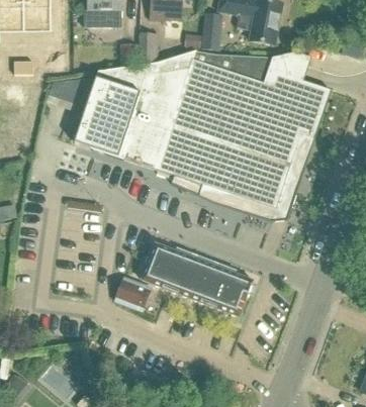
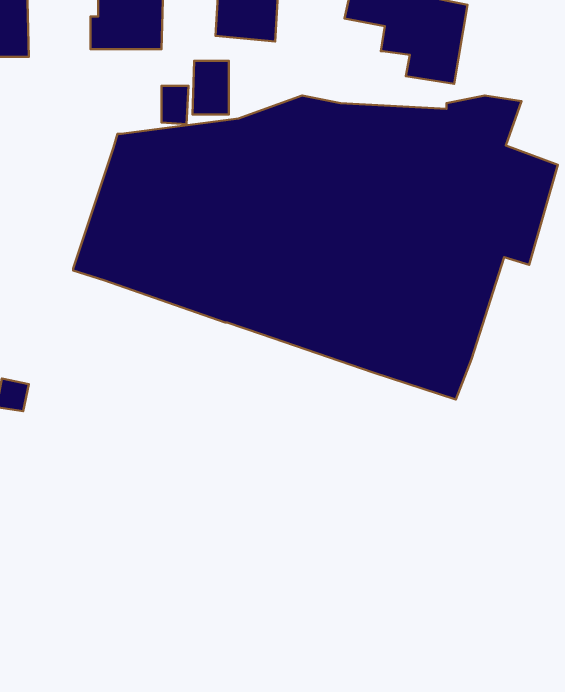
building: [199,14,221,50] -> none
building: [142,243,254,317] -> none
building: [119,280,151,310] -> none

